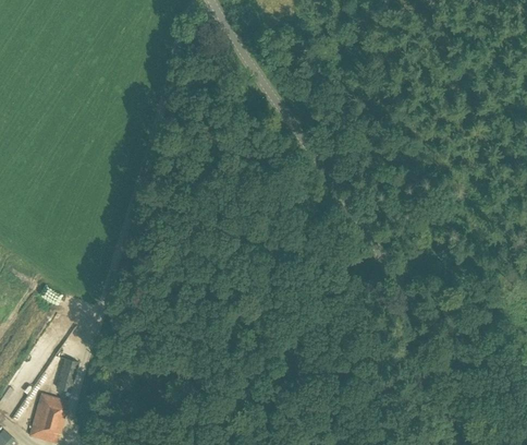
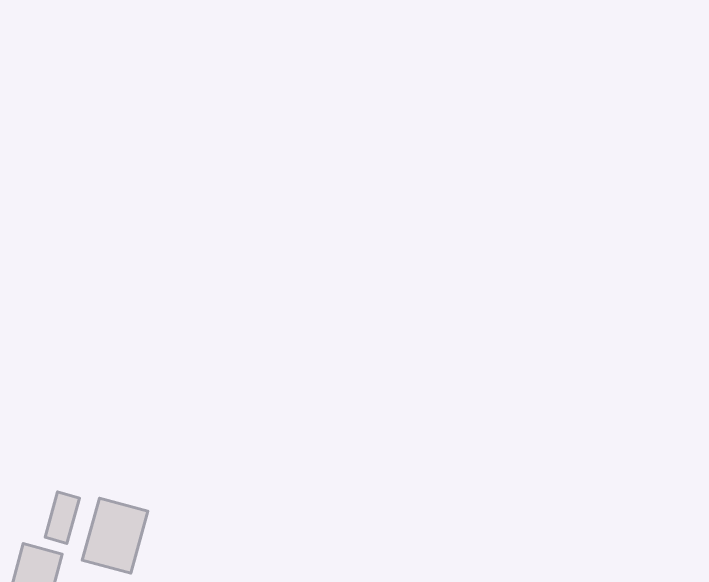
building: none -> [82,498,148,573]

